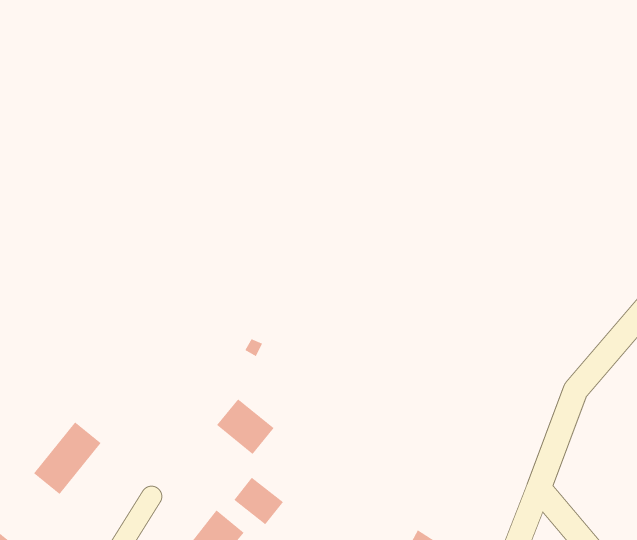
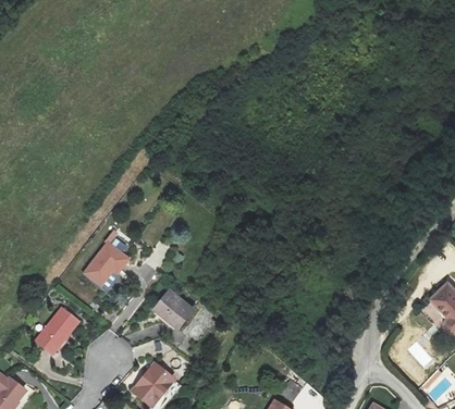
building: none -> [86,244,127,283]
building: [233,477,284,525] -> none

